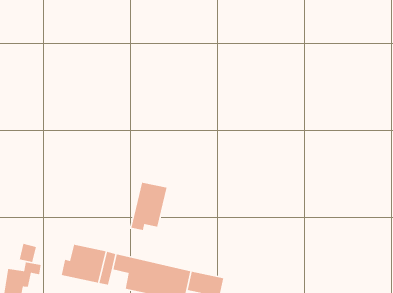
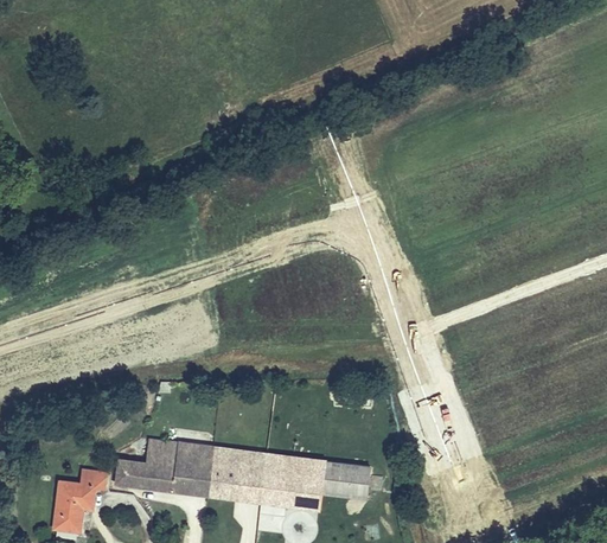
building: [131,182,167,231] -> none
building: [19,243,37,263] -> [114,458,138,485]
building: none -> [203,471,229,497]

